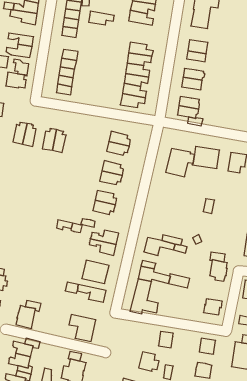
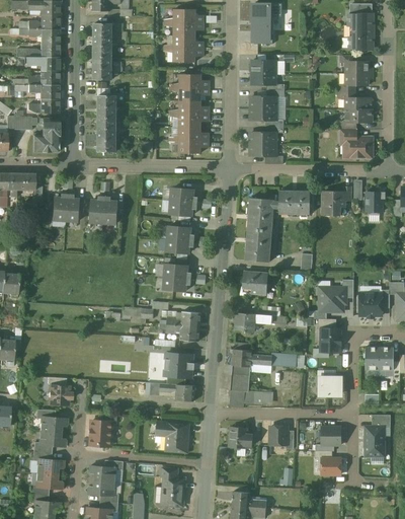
building: [89,11,114,25] -> [173,48,204,62]
building: none -> [27,69,59,85]
building: none -> [245,228,271,262]
building: none -> [240,272,267,295]
building: none -> [320,287,346,310]
building: [139,352,159,371] -> [229,426,253,448]

